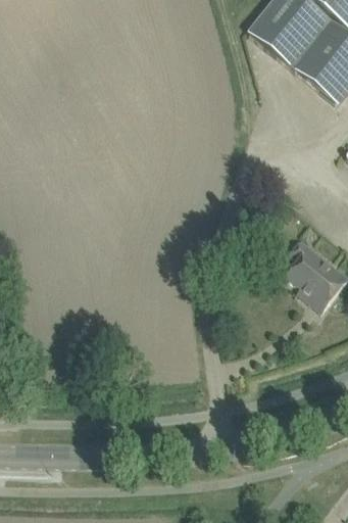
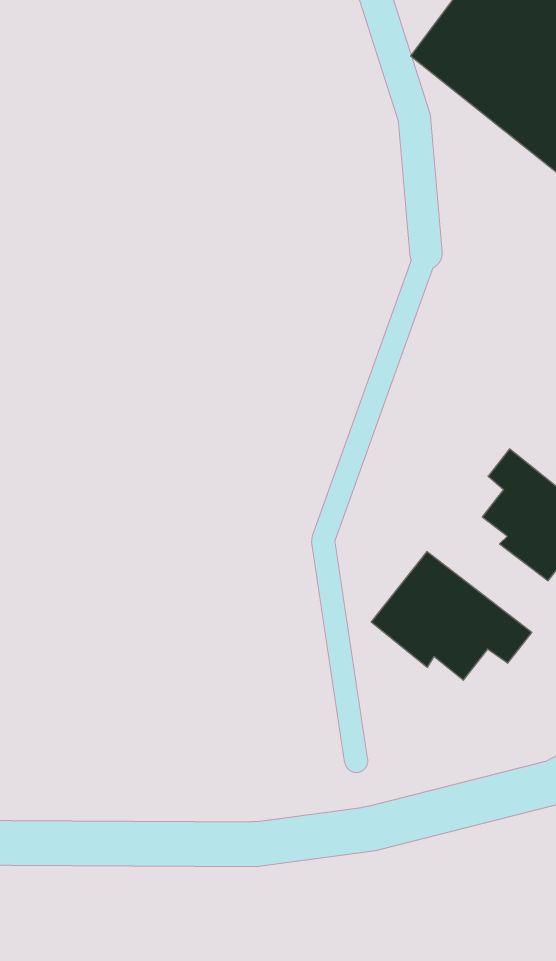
building: none -> [371,551,532,680]

